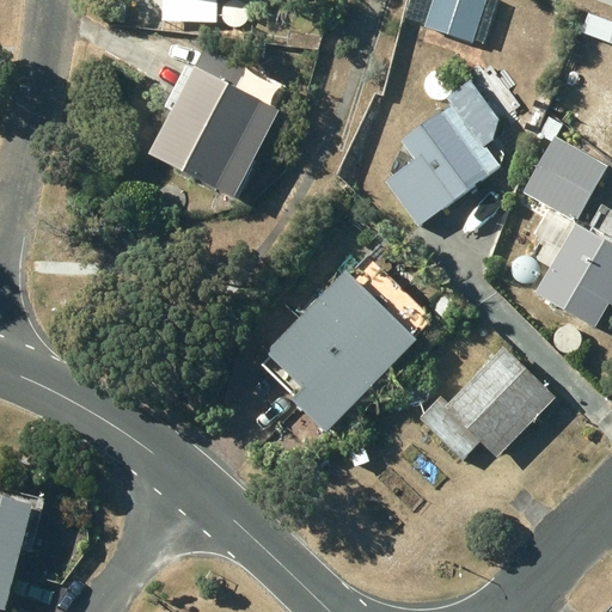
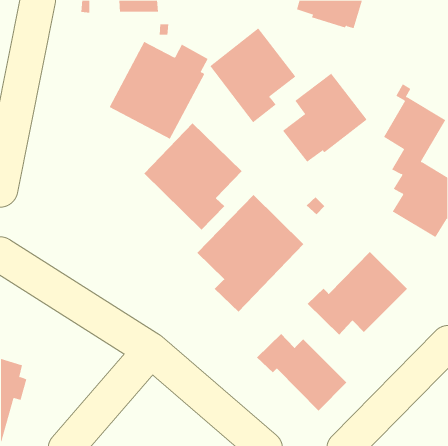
building: none -> [209,28,296,123]
building: none -> [144,122,243,230]
building: none -> [256,333,347,411]

